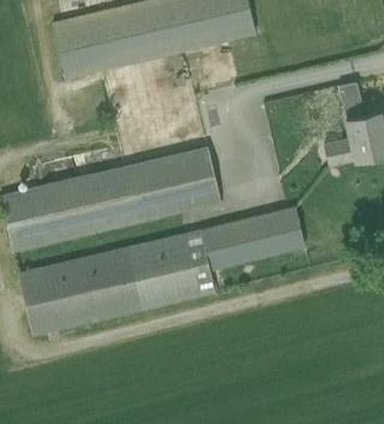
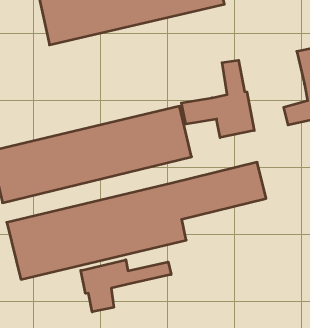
building: none -> [181,60,254,138]
building: none -> [81,260,171,312]

